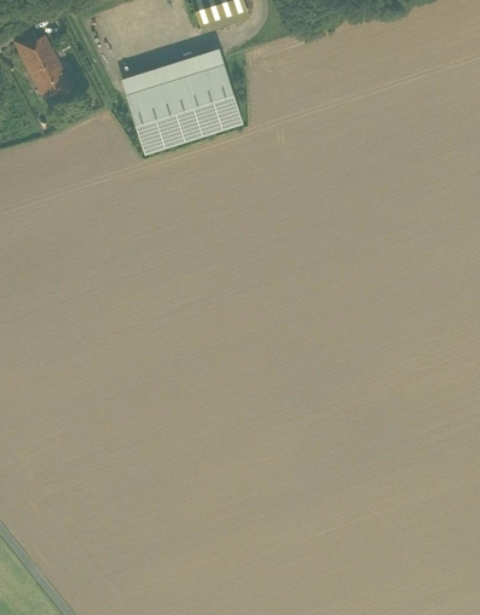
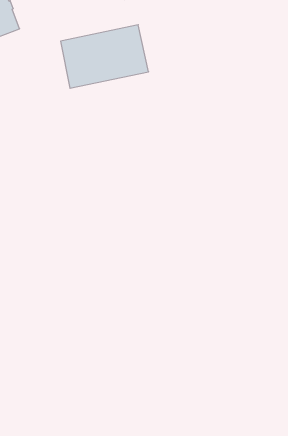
building: [120,48,222,95] -> none

